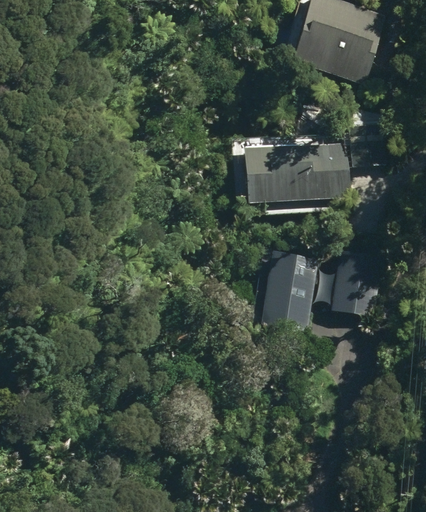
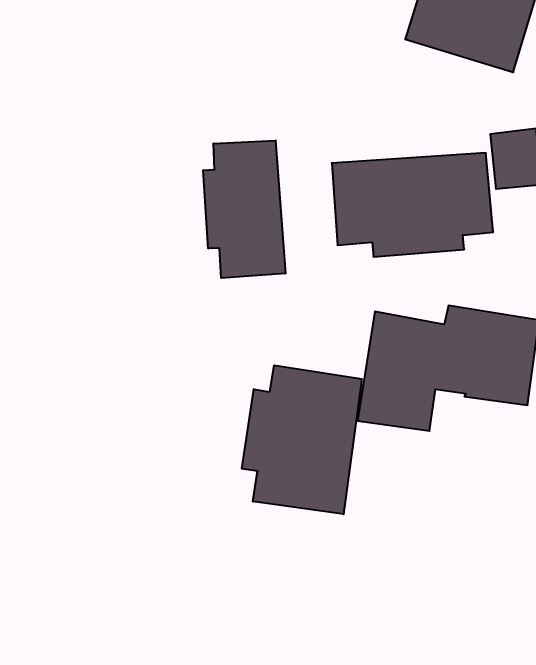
building: none -> [203,140,285,278]
building: none -> [242,365,362,514]

